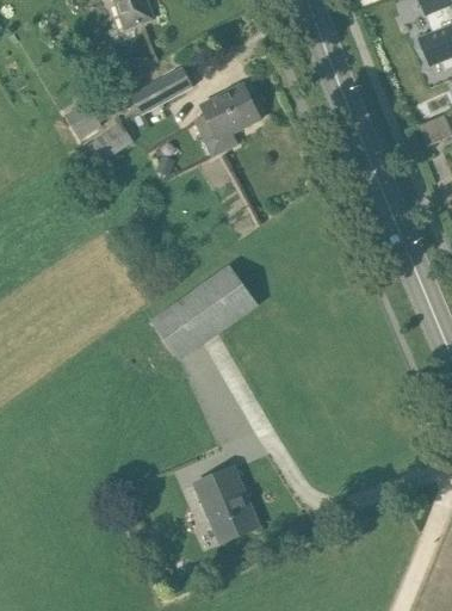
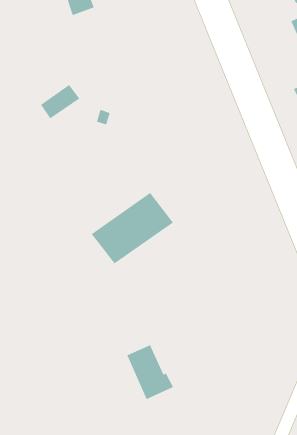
building: [129,63,193,112] -> none
building: [196,82,260,154] -> none
building: [63,99,101,137] -> none

